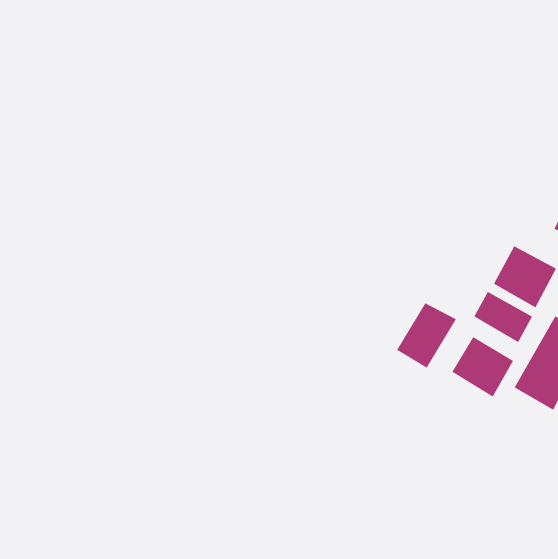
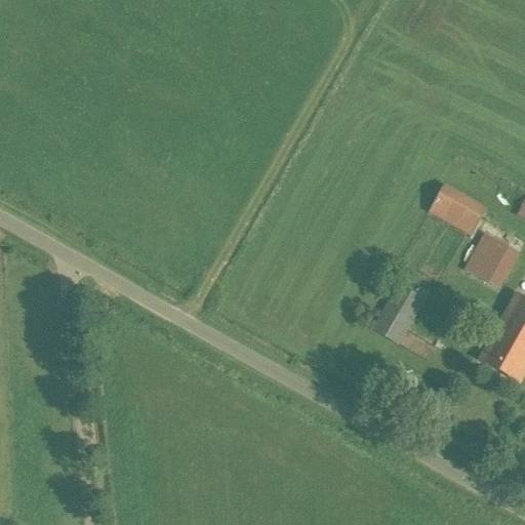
building: [473,291,533,343] -> [431,187,486,235]
building: [451,336,514,398] -> none

